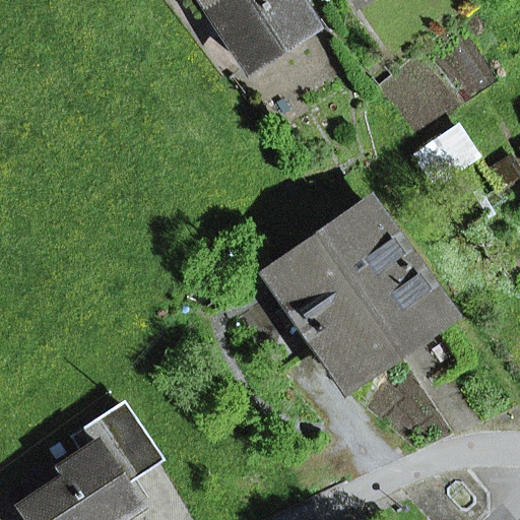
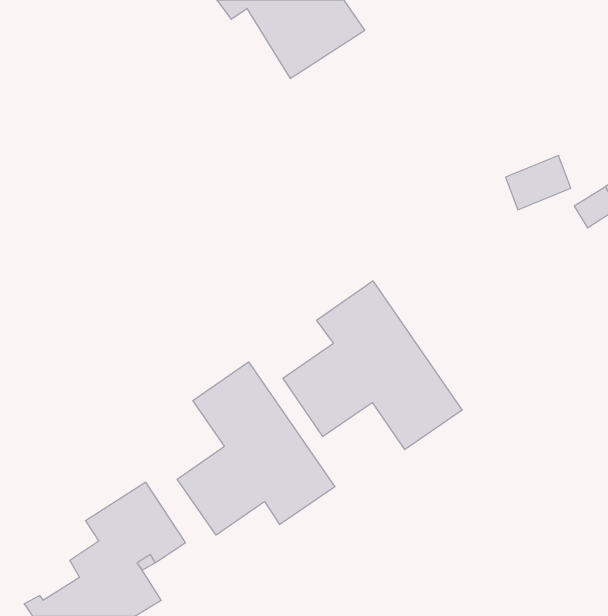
building: [319,199,447,345] -> none
building: none -> [177,362,335,535]

